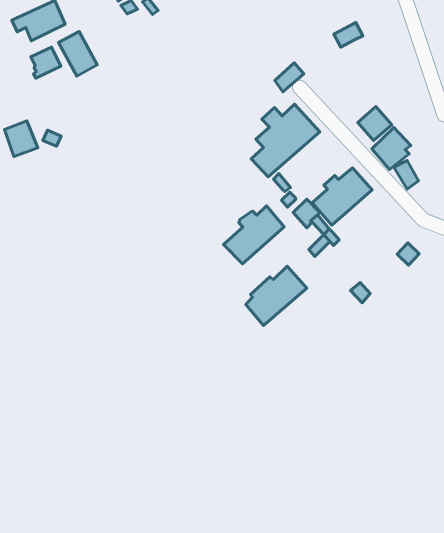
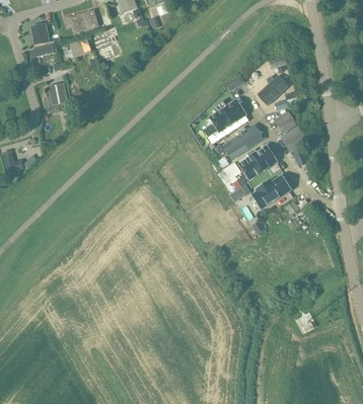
building: none -> [257,74,289,105]
building: [223,206,284,264] -> [222,125,263,159]
building: [246,266,307,326] -> [251,174,292,210]

